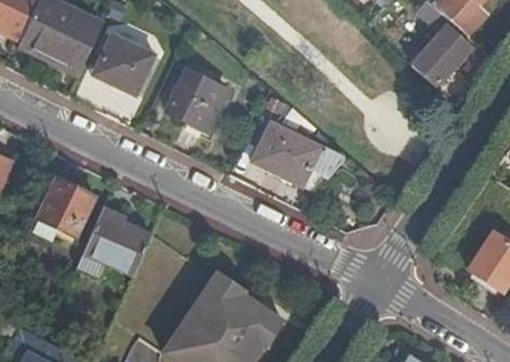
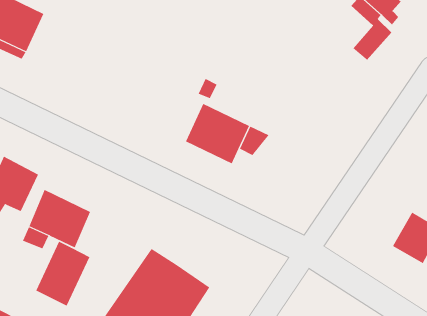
building: [92,36,150,92] -> none
building: [169,69,228,129] -> none
building: none -> [35,241,90,306]

